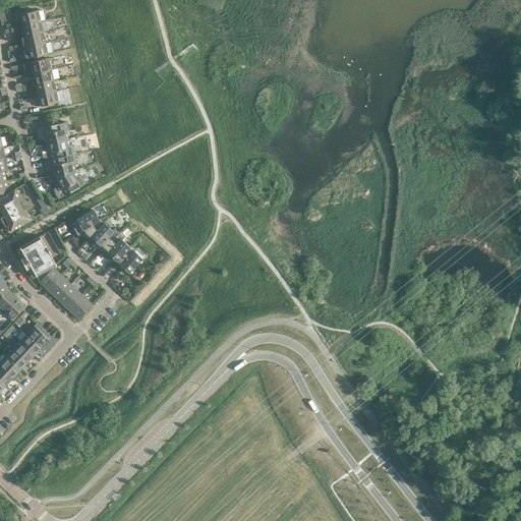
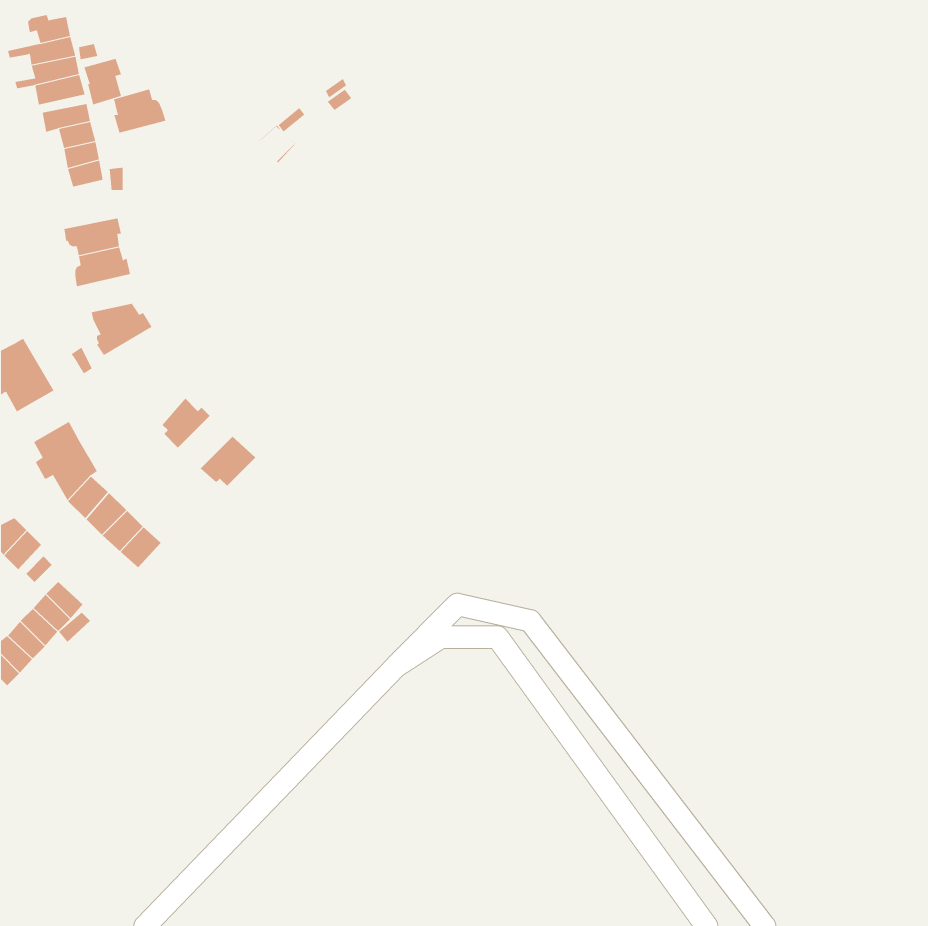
building: none -> [114,89,166,134]
building: [43,154,75,175] -> none
building: [70,210,104,241] -> none
building: [100,233,128,260] -> none

